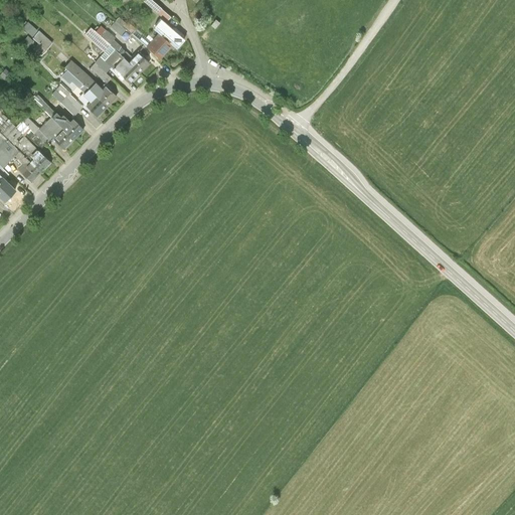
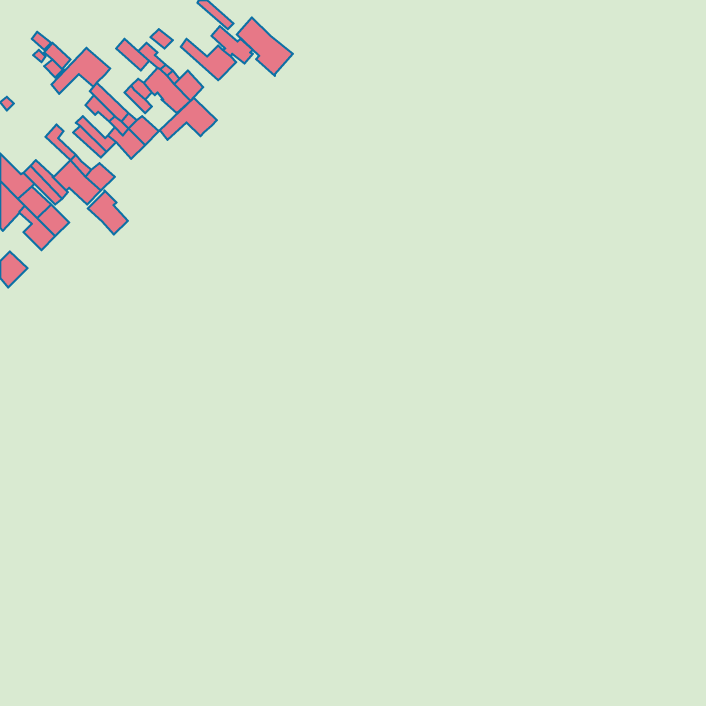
building: none -> [237,18,293,76]
building: none -> [51,48,110,94]
building: none -> [160,98,217,140]
building: none -> [88,190,128,235]

